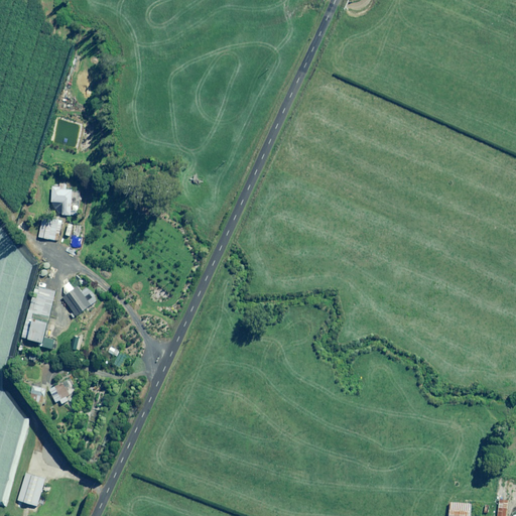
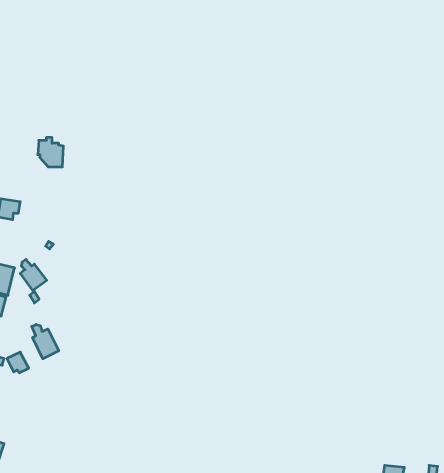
building: [50,183,78,215] -> [38,138,63,167]
building: none -> [32,324,59,359]

